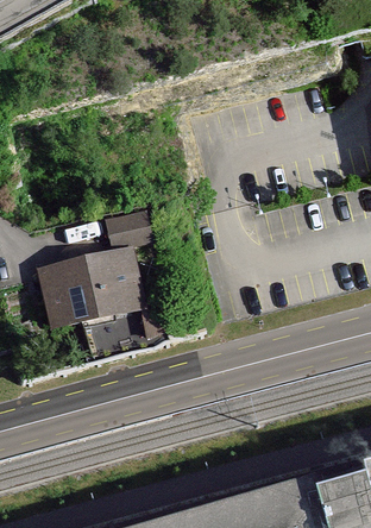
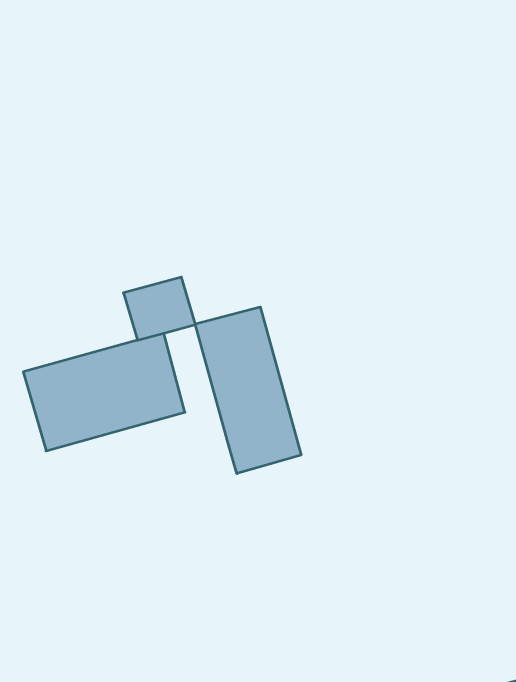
building: none -> [195,307,301,474]

